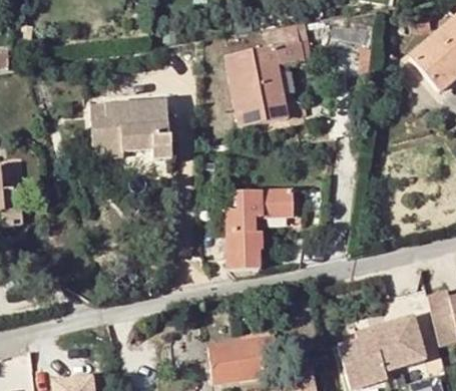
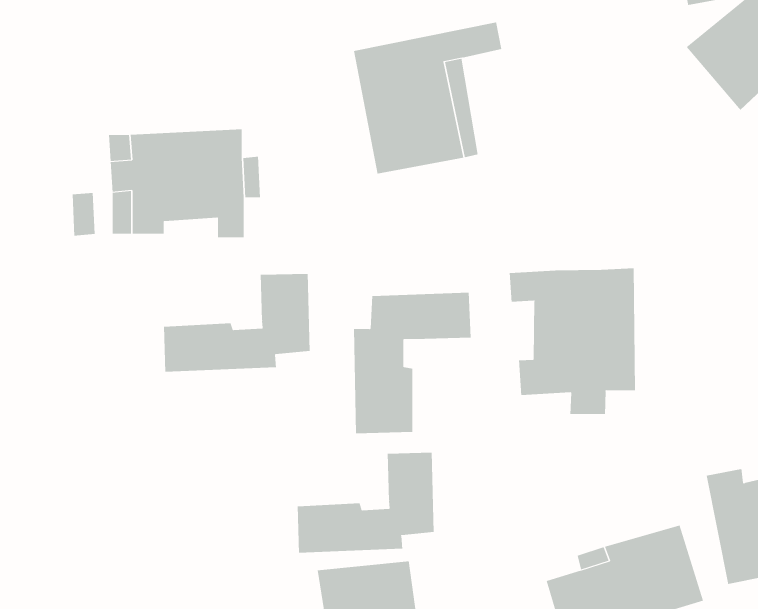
building: none -> [509,267,635,415]
building: none -> [163,273,310,373]
building: none -> [297,452,434,554]

